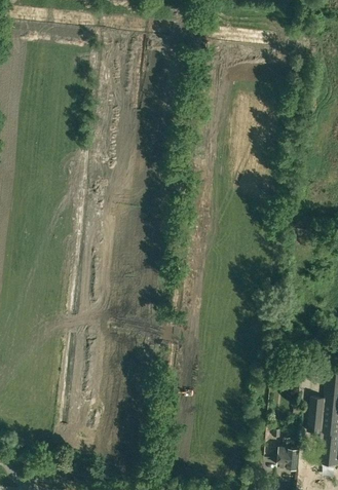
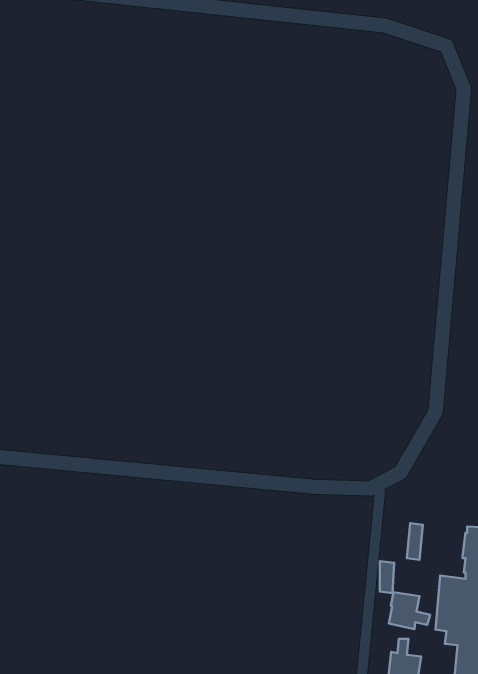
building: none -> [389,592,430,629]

